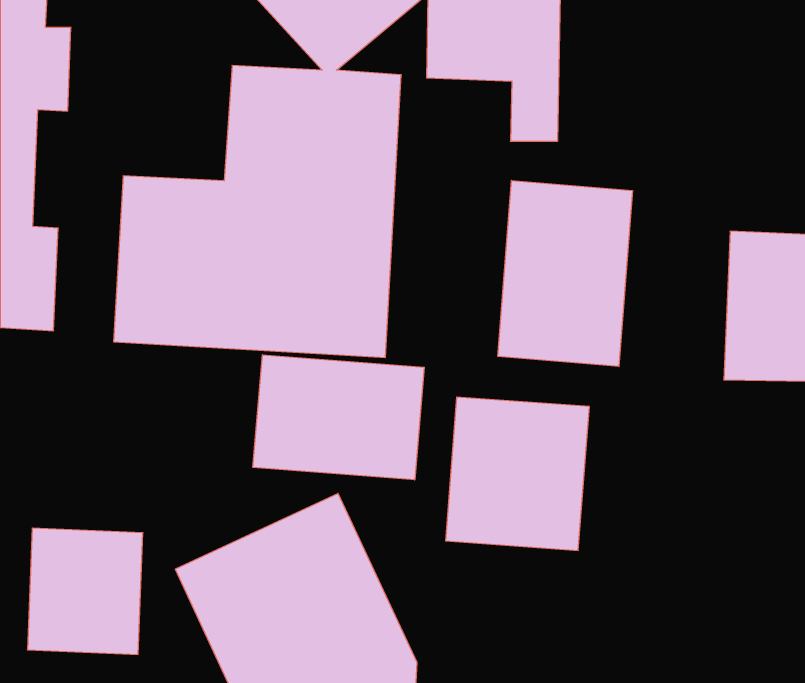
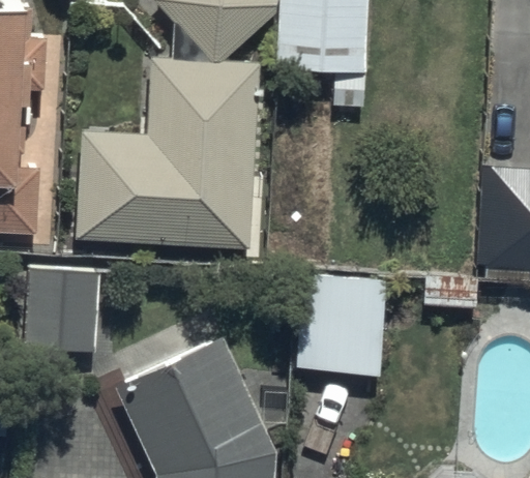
building: [498,180,632,367] -> none
building: [253,355,424,480] -> none
building: [27,528,143,654] -> [24,269,99,352]

